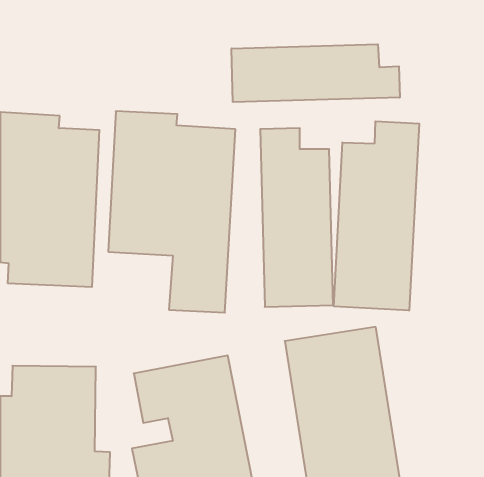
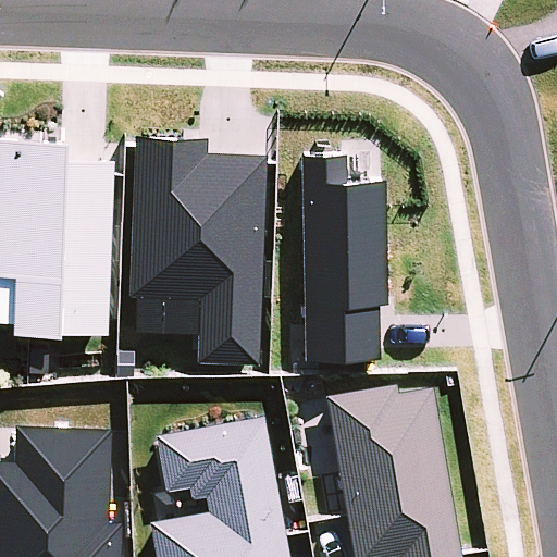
building: [232,44,400,102] -> none
building: [334,121,419,311] -> none

